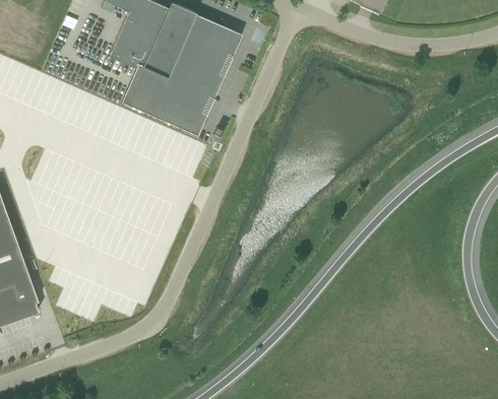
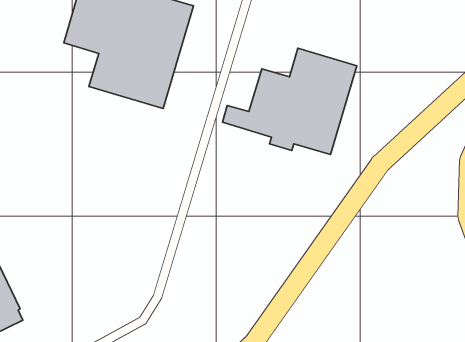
building: none -> [222,48,357,155]

